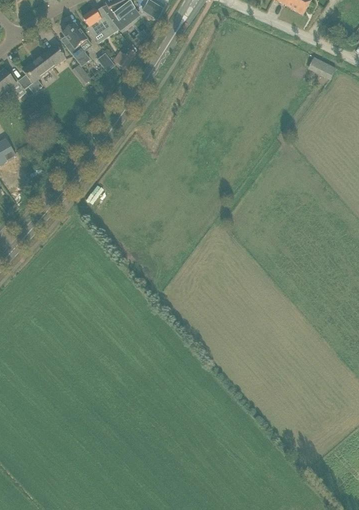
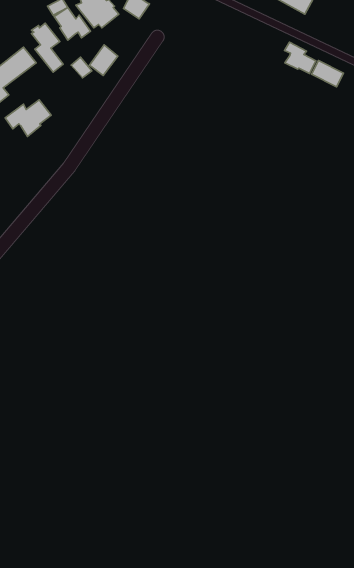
building: none -> [285,42,316,74]
building: none -> [5,100,51,137]

